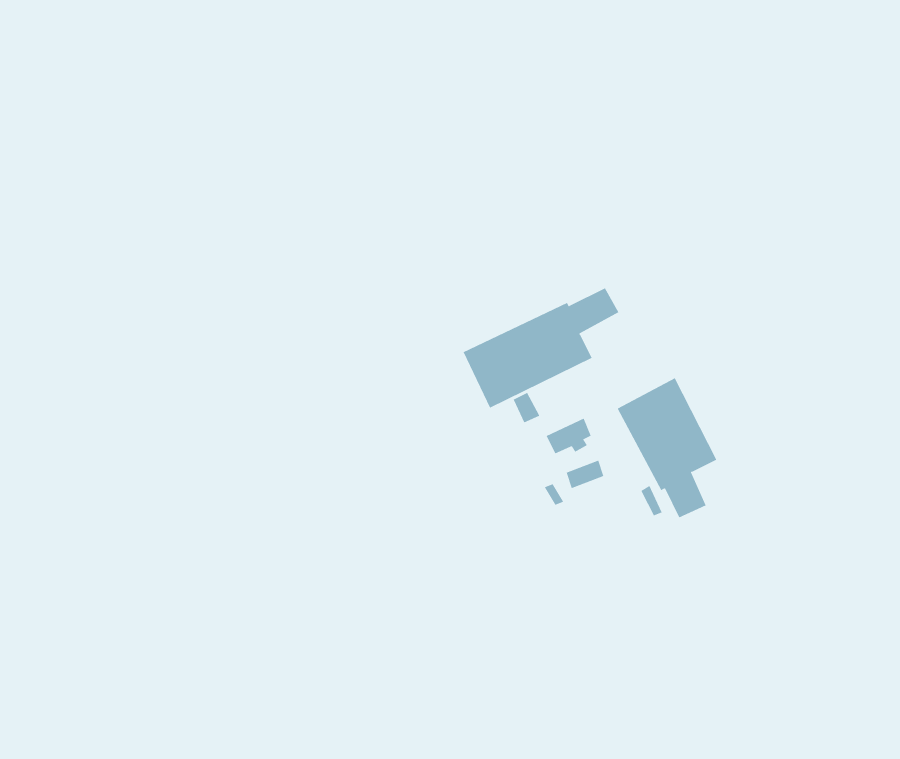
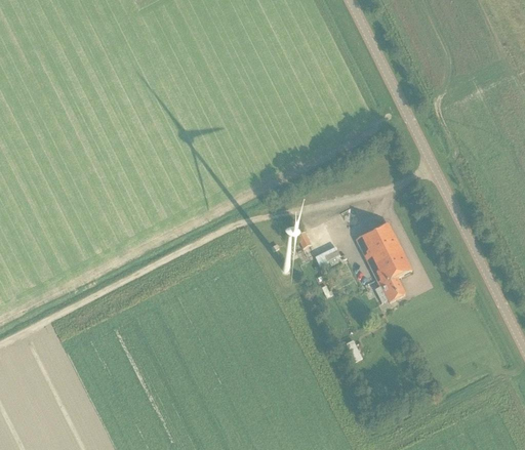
building: [463,288,619,408] -> none

